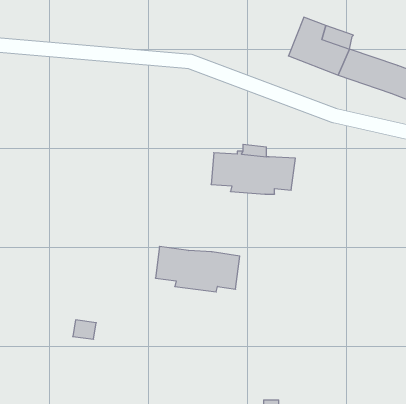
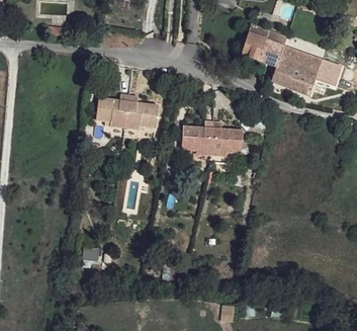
building: none -> [271,68,315,95]
building: [155,246,240,292] -> [97,95,159,129]

